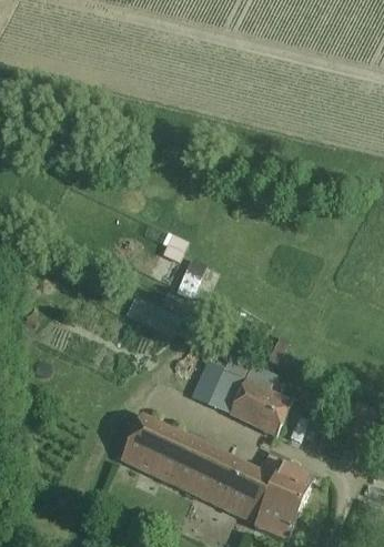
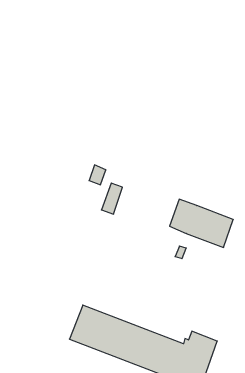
building: [205,367,290,435] -> [170,199,233,247]

